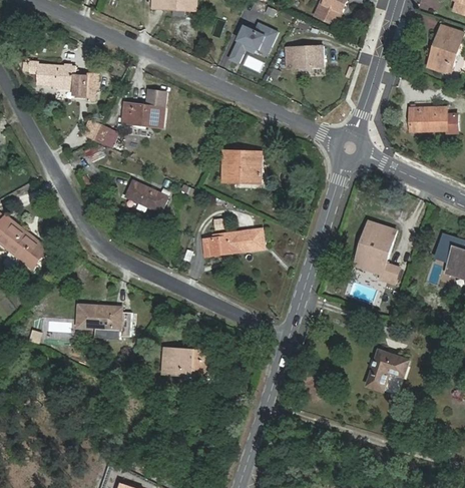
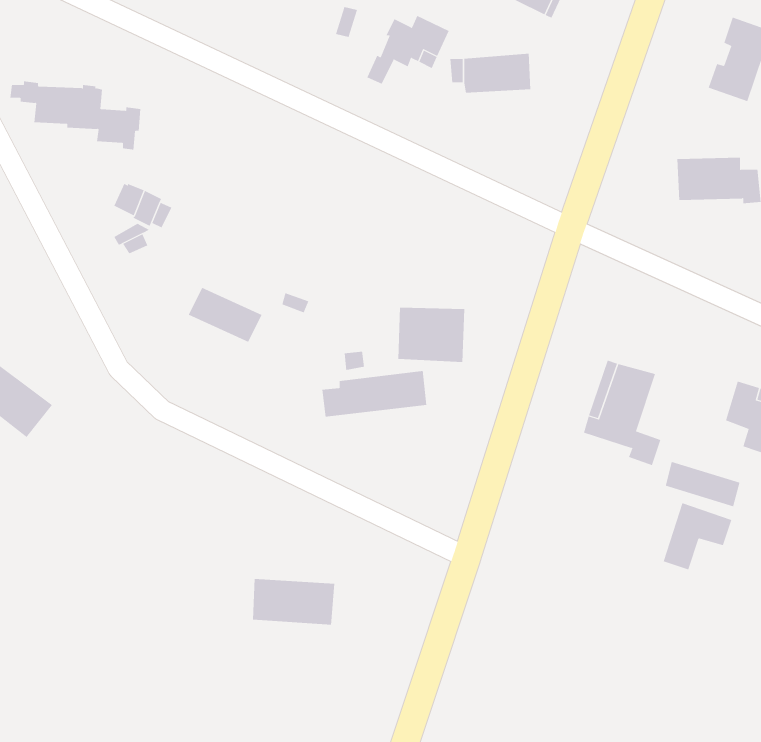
building: [122,90,165,127] -> none
building: [221,151,261,183] -> [397,307,465,362]
building: none -> [665,461,740,507]
building: [76,306,130,337] -> none
building: [367,351,407,390] -> [663,503,732,570]

